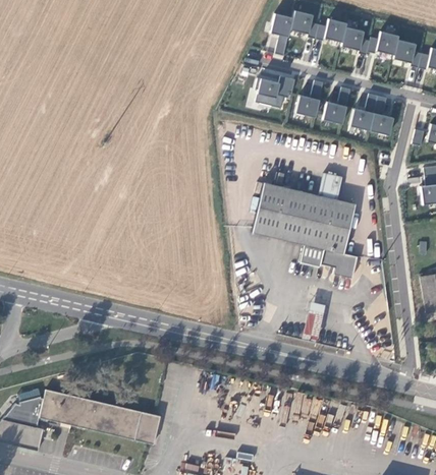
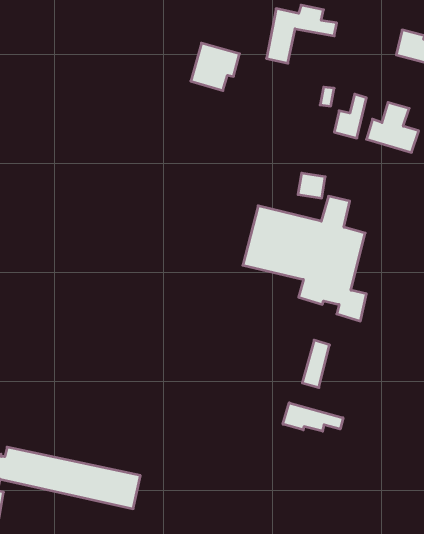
building: [327,18,382,53] -> none
building: [257,68,298,109] -> [191,43,240,91]
building: [298,96,322,117] -> [298,173,325,198]
building: none -> [283,403,343,431]

